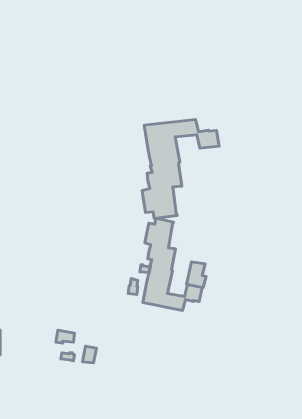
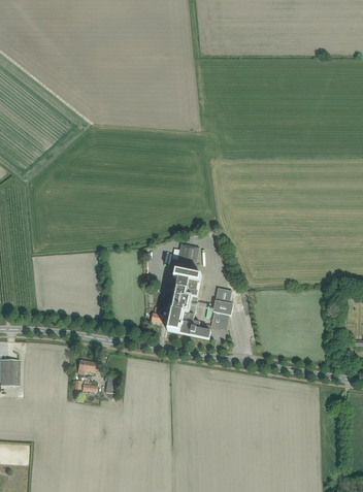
building: [142,120,219,218] -> none

